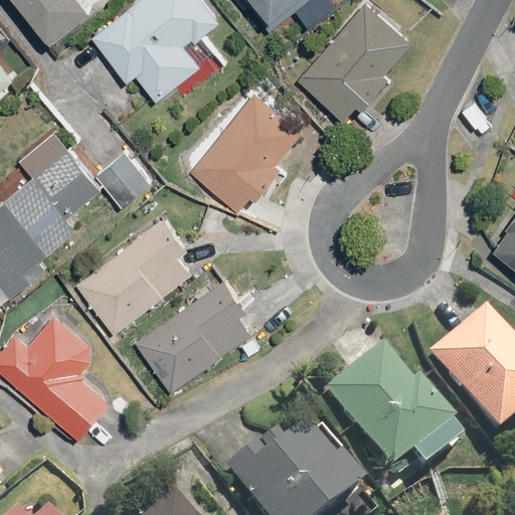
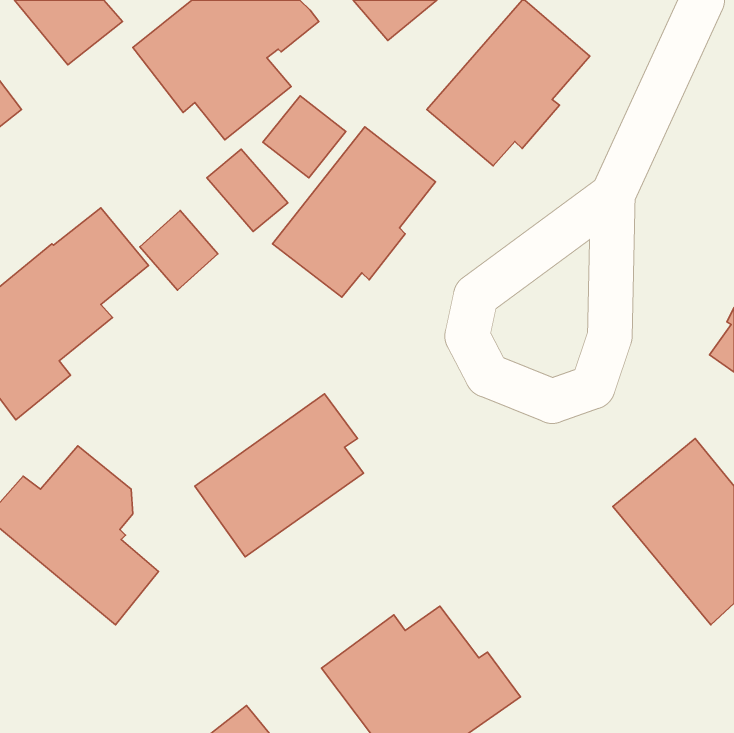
building: none -> [263,96,346,178]
building: none -> [207,149,288,232]
building: [77,216,193,333] -> none
building: [323,346,453,475] -> none

